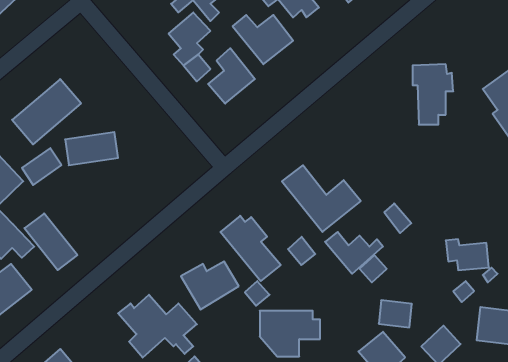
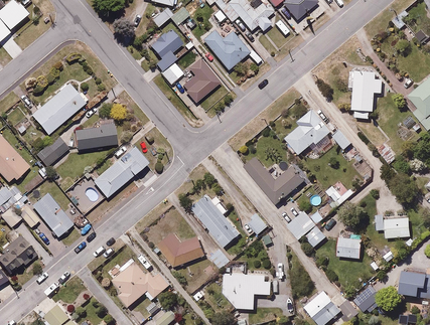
building: none -> [284,109,352,156]
building: none -> [90,140,148,198]
building: [379,300,412,327] -> [335,236,363,259]

